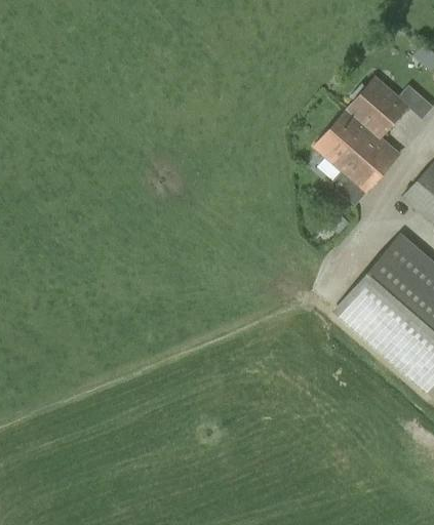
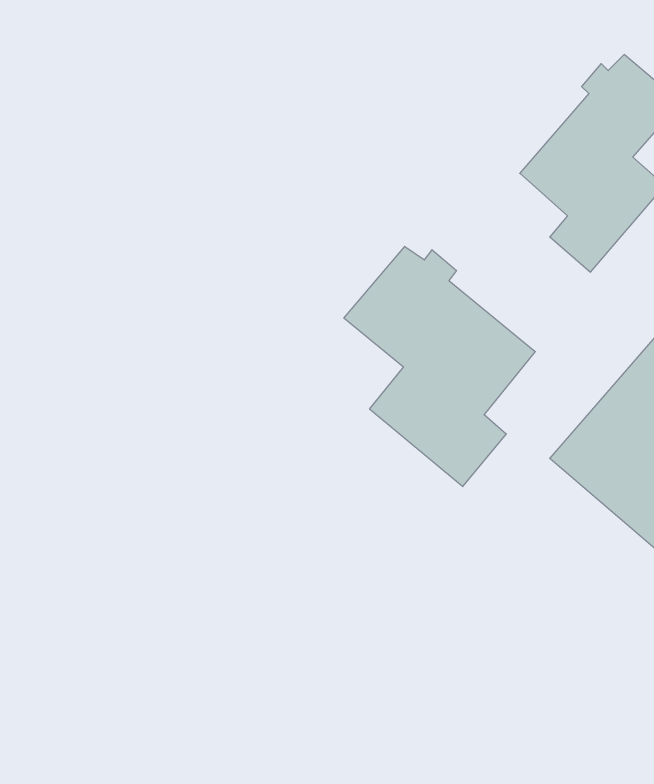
building: none -> [344,246,535,487]

